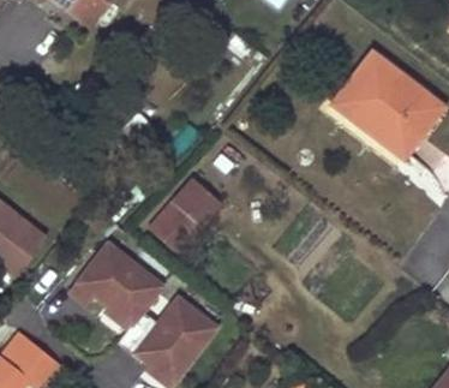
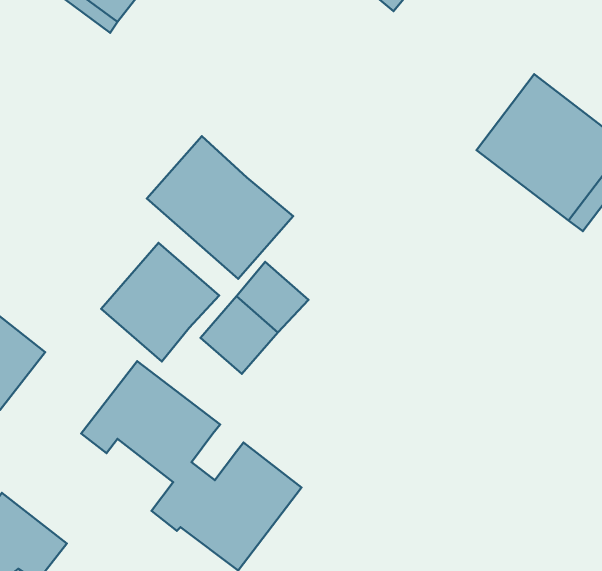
building: none -> [147,136,293,279]
building: none -> [101,243,219,362]

